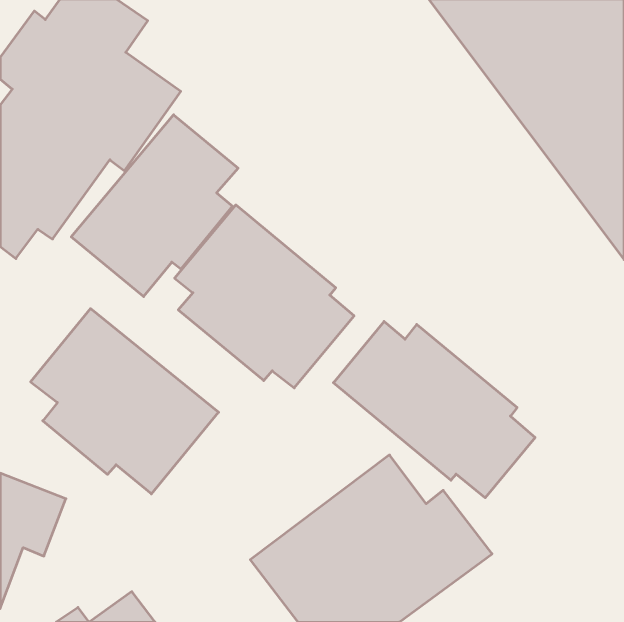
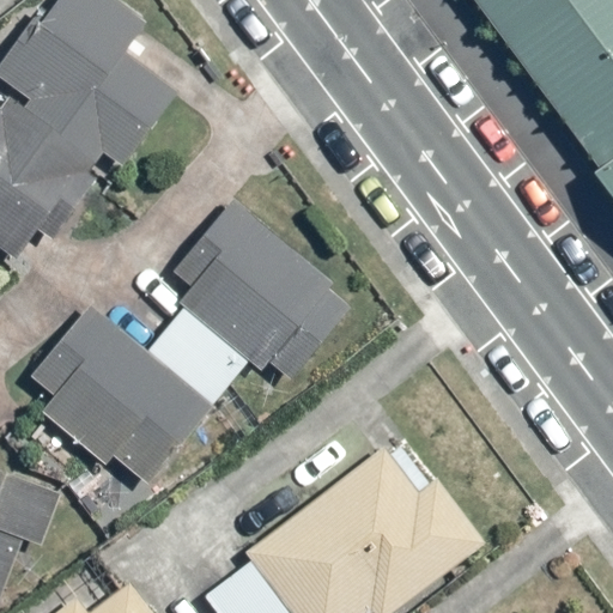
building: [71,115,238,297] -> none
building: [333,321,535,498] -> none

